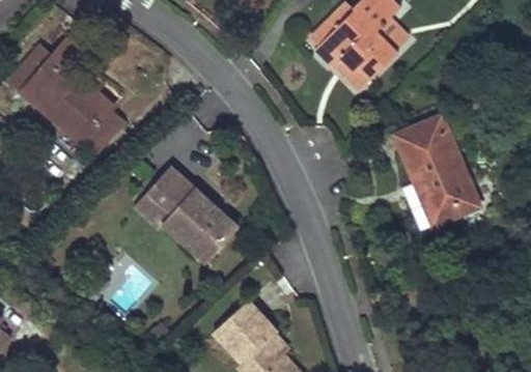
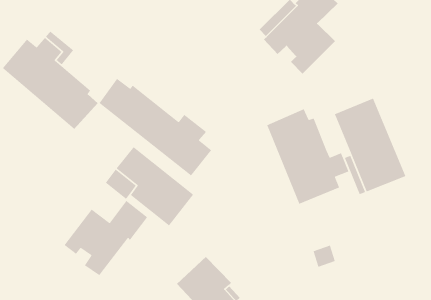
building: none -> [98,78,212,177]
building: none -> [266,108,350,205]
building: none -> [63,200,148,276]

